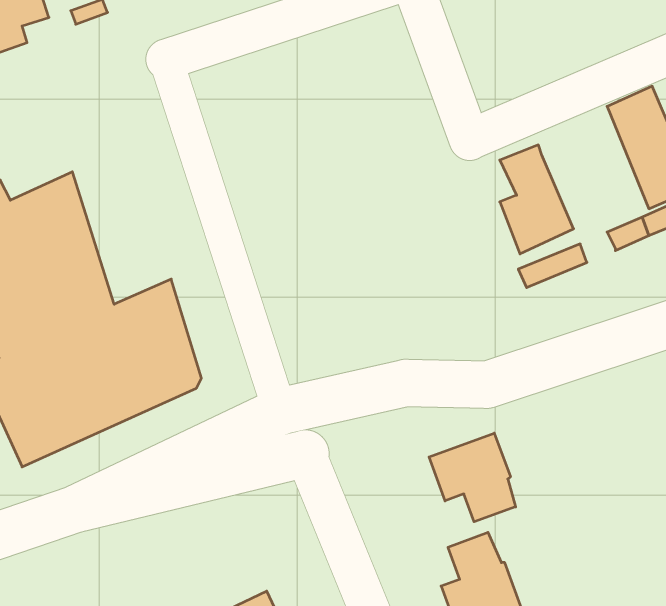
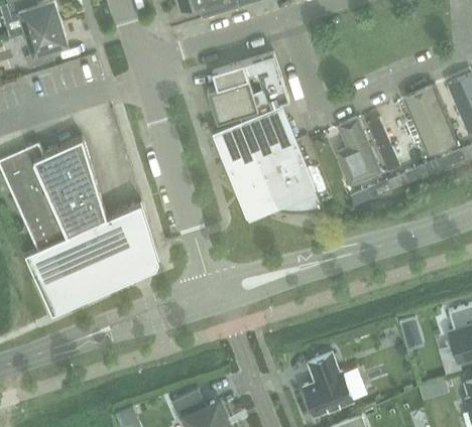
building: none -> [211,54,324,215]
building: none -> [364,122,400,176]
building: [429,433,516,522] -> none

